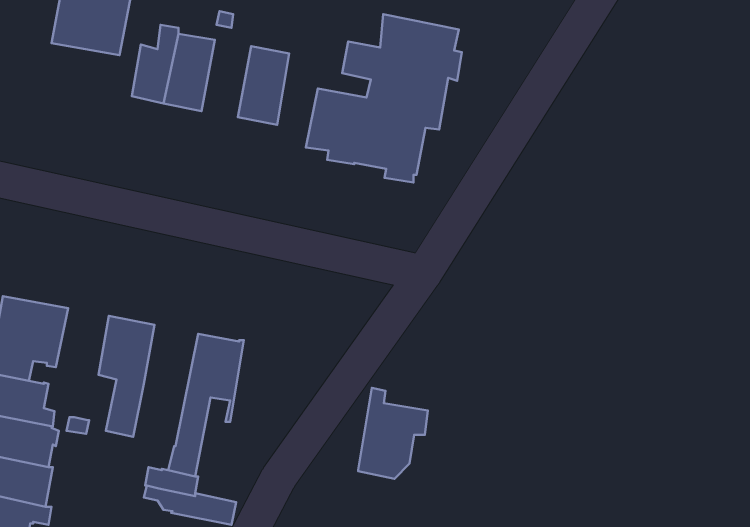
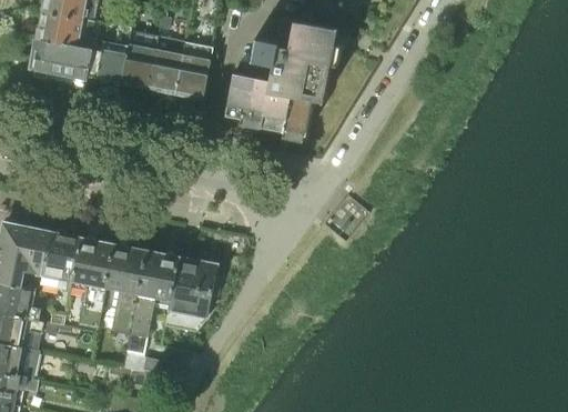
building: none -> [148,33,184,91]
building: none -> [32,37,103,86]
building: none -> [40,231,80,289]
building: none -> [105,243,145,332]
building: [358,388,428,479] -> [169,254,220,321]

